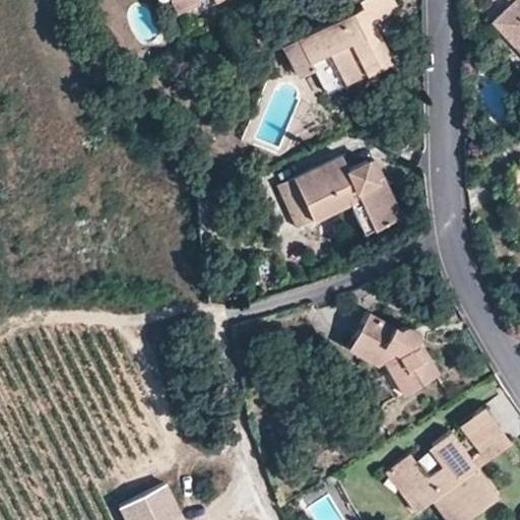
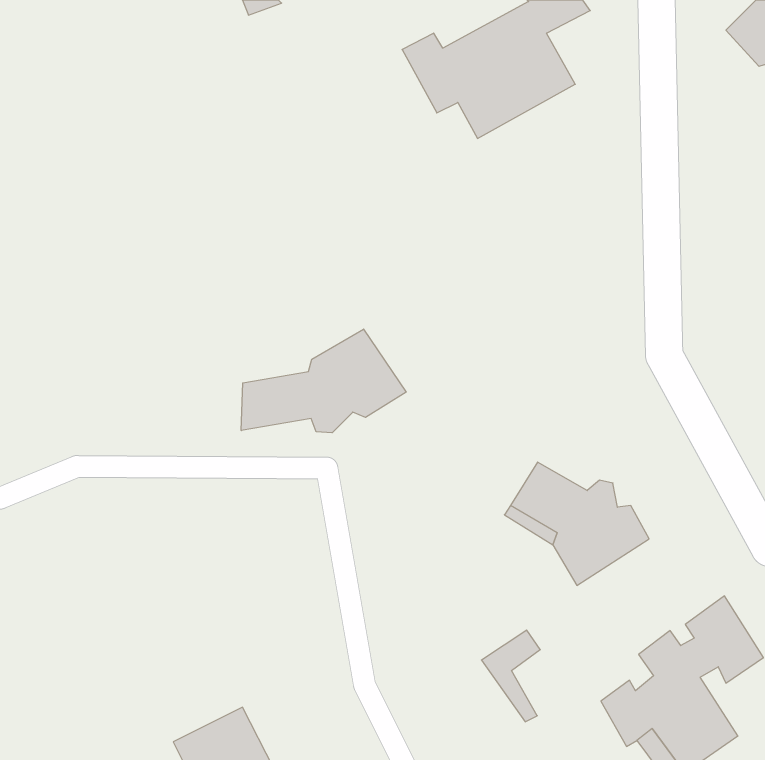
building: [276,154,401,231] -> none
building: none -> [241,329,406,433]
building: [388,452,428,514] -> [481,630,540,722]

